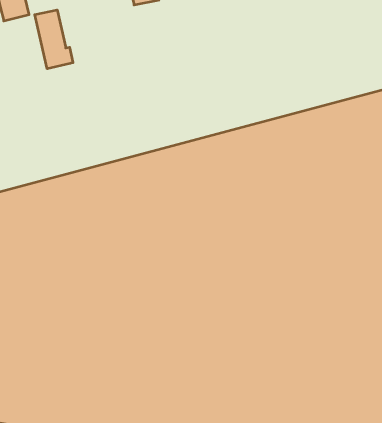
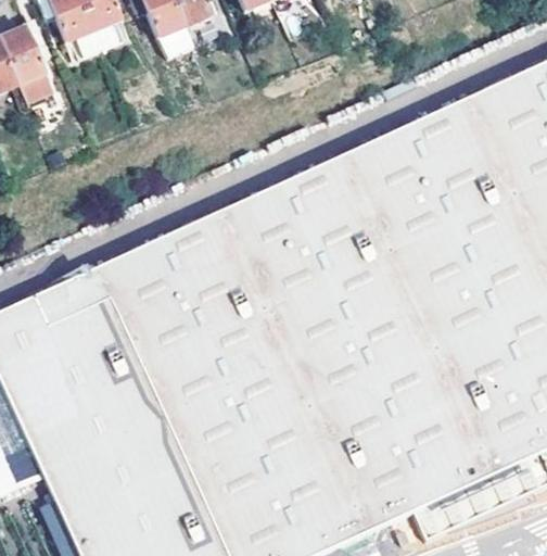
building: [35,10,73,69] -> none

